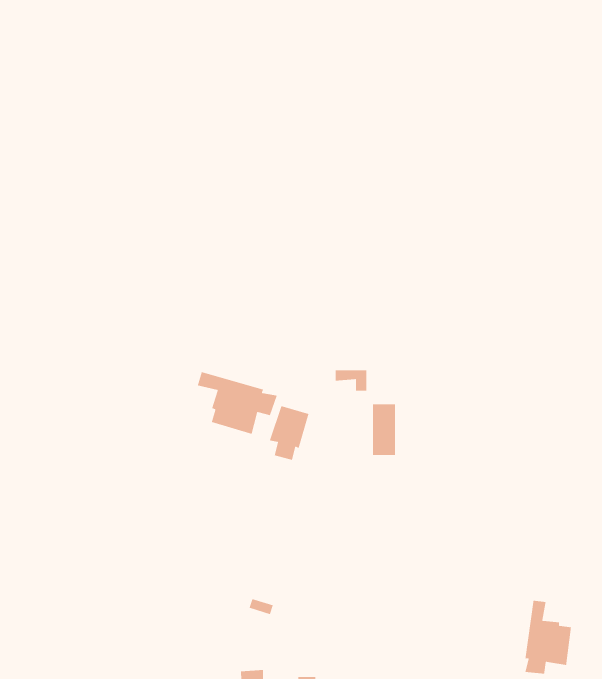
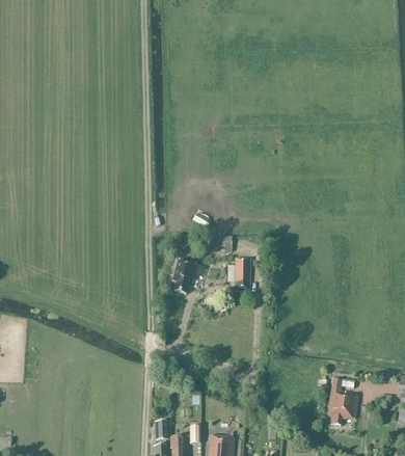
building: [197,371,278,435] -> none

